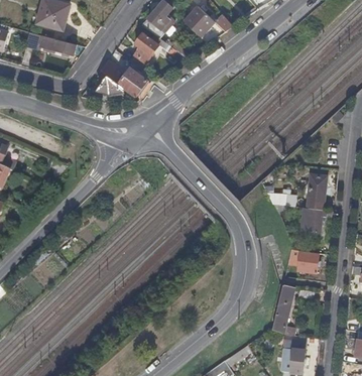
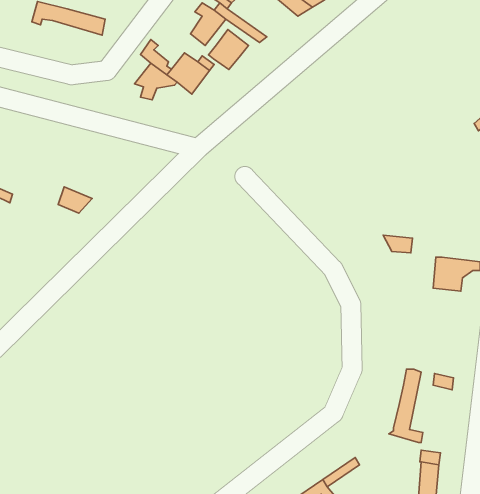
building: none -> [208,30,248,69]
building: [307,173,327,210] -> none
building: [287,249,319,272] -> none

